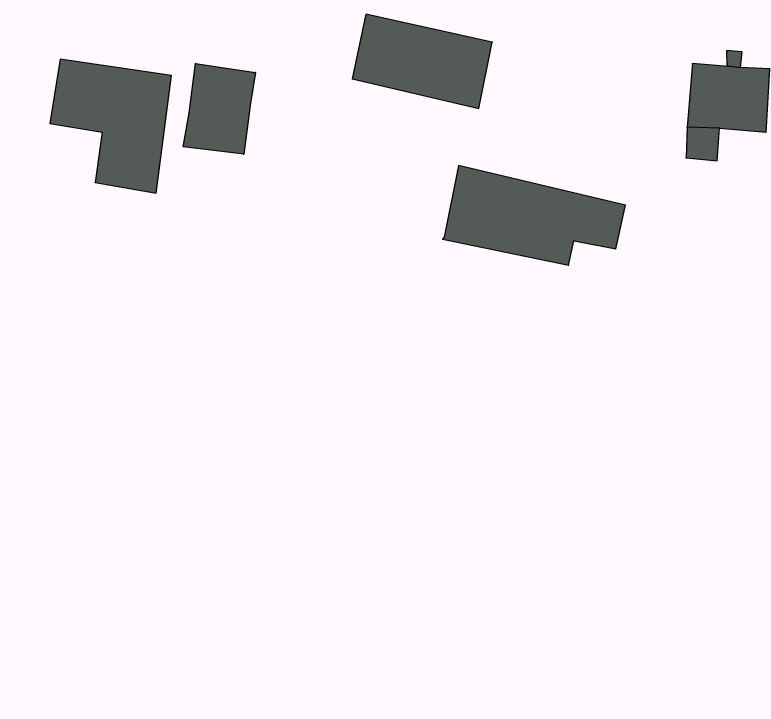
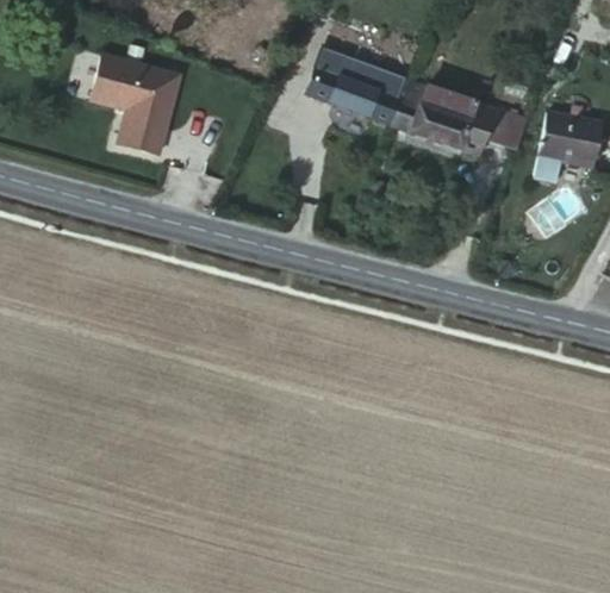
building: [183,63,255,154] -> none
building: [443,166,625,265] -> [393,76,524,156]

